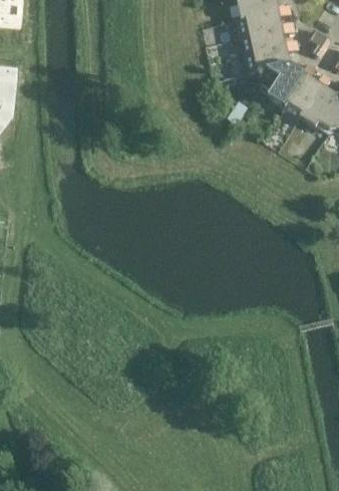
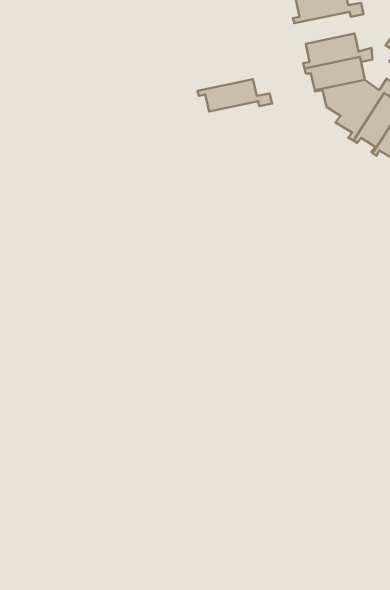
building: [237,10,295,35] -> [198,79,272,111]

